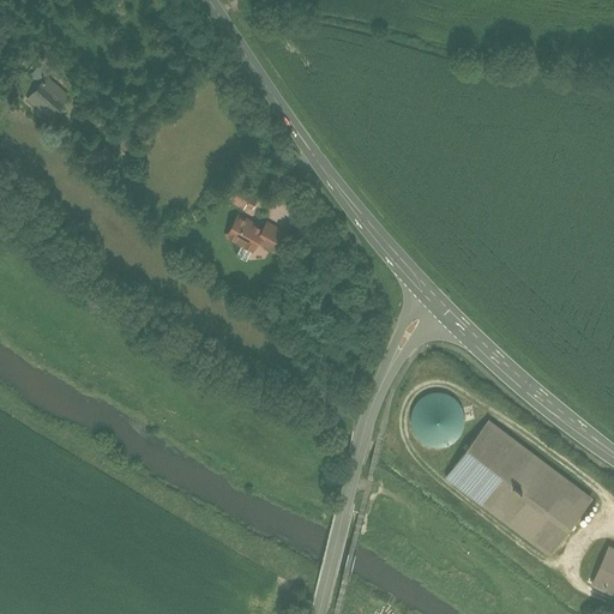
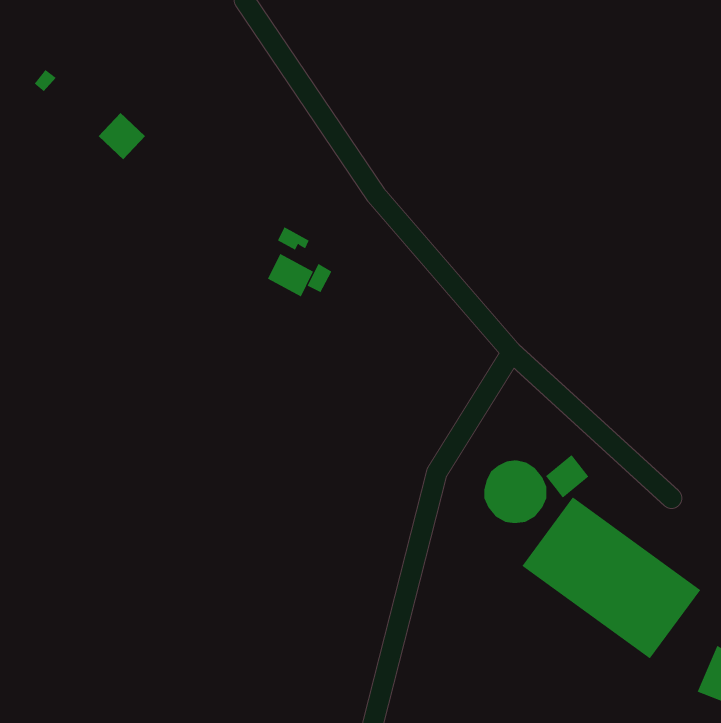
building: [29,76,70,116] -> [98,112,146,160]
building: none -> [545,454,589,499]

